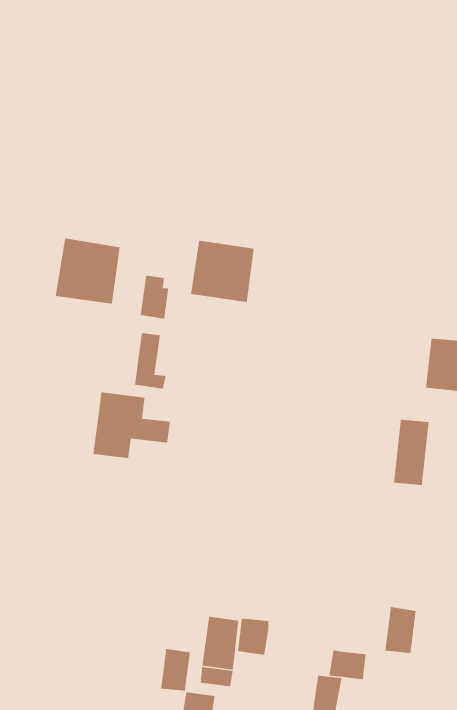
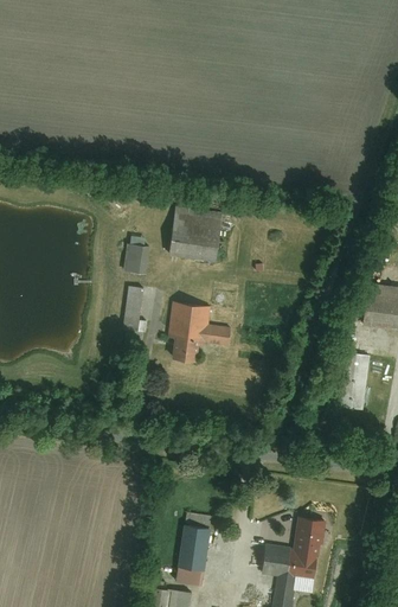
building: [55,238,120,304] -> none
building: [92,392,171,459] -> [166,300,232,357]
building: [384,606,417,654] -> [295,515,322,555]
building: [237,618,269,656] -> [262,542,289,574]
building: [160,648,191,691] -> none

